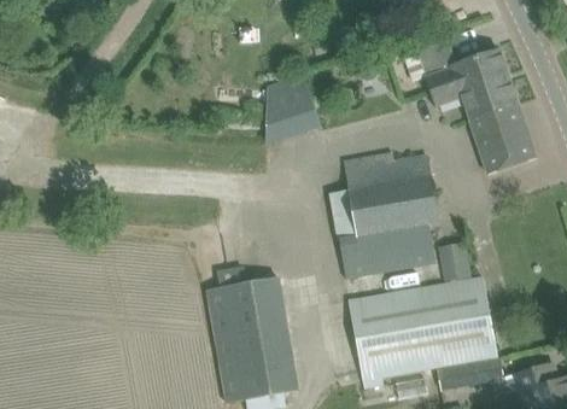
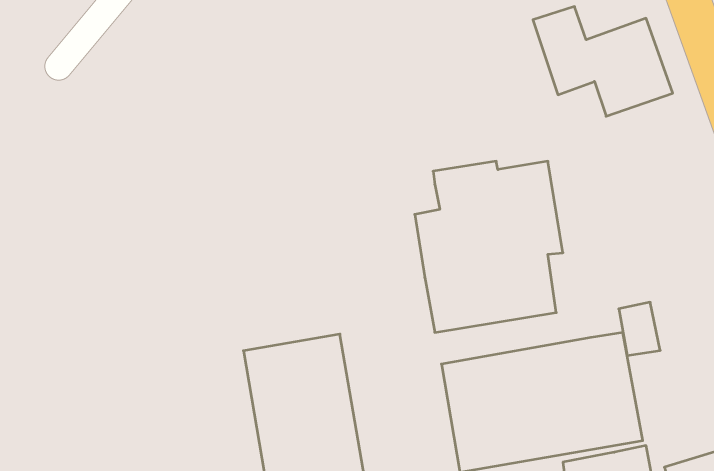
building: [264,70,317,139] -> none
building: [469,103,536,174] -> none
building: [439,241,469,280] -> [619,302,660,355]

